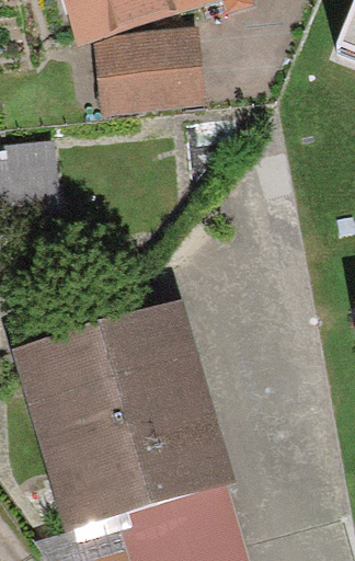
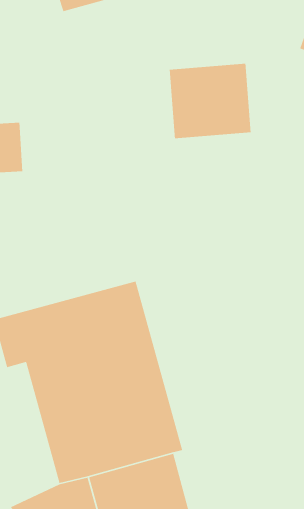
building: [111,28,197,108] -> [169,63,251,139]

